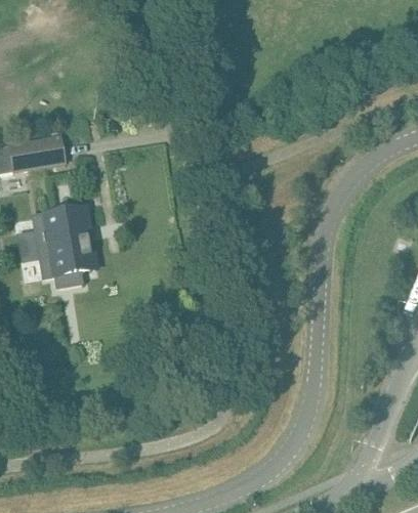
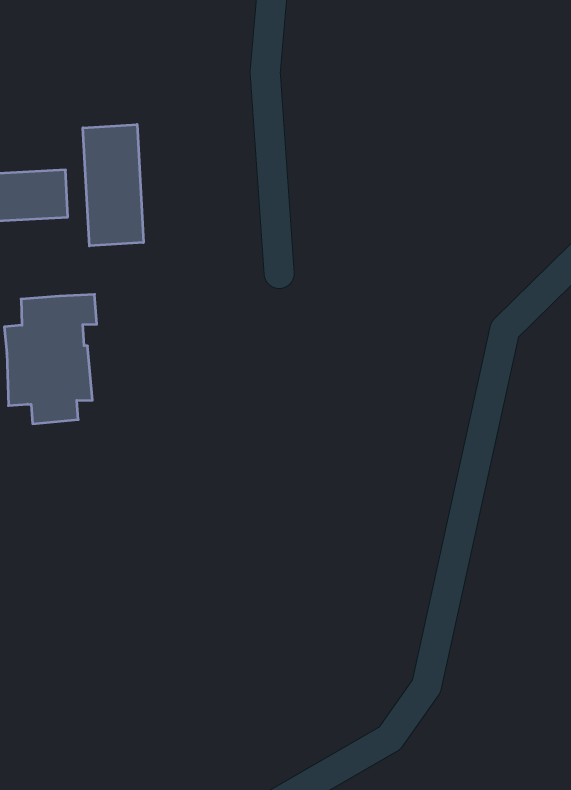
building: none -> [83,124,143,246]

